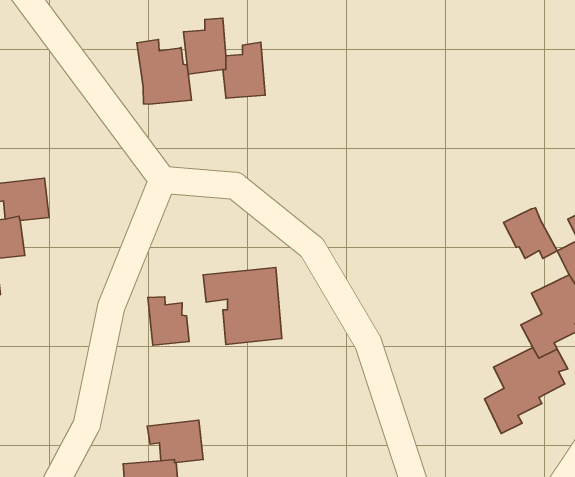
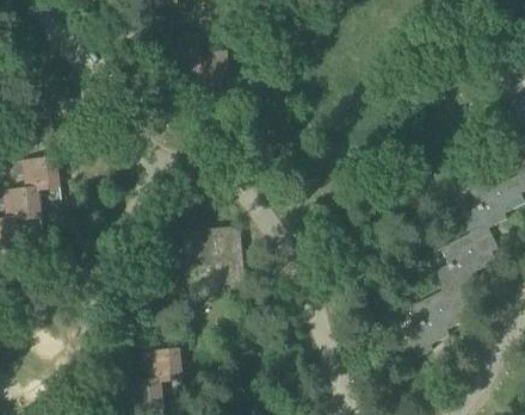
building: [137,40,191,104] -> none
building: [503,208,557,259] -> none
building: [148,297,189,345] -> none

